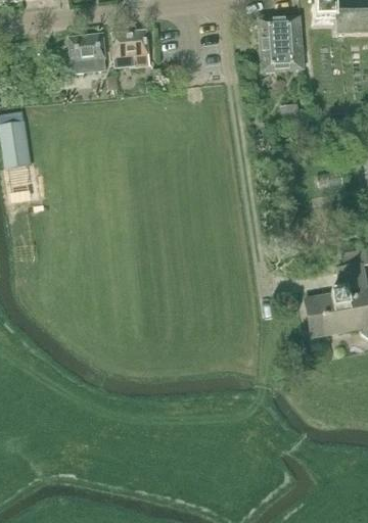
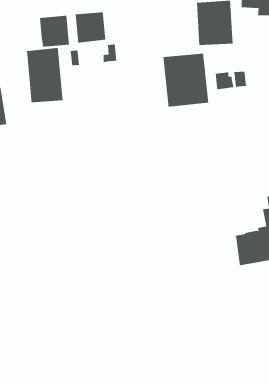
building: none -> [27,47,63,103]
building: none -> [163,53,209,108]

